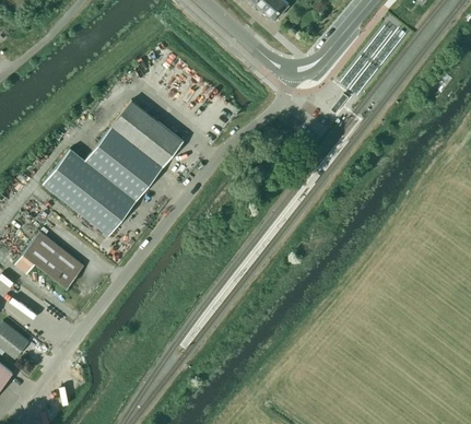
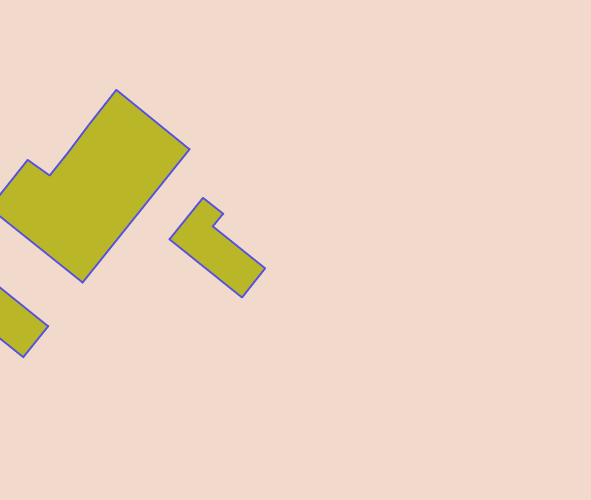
building: none -> [169,198,265,297]

